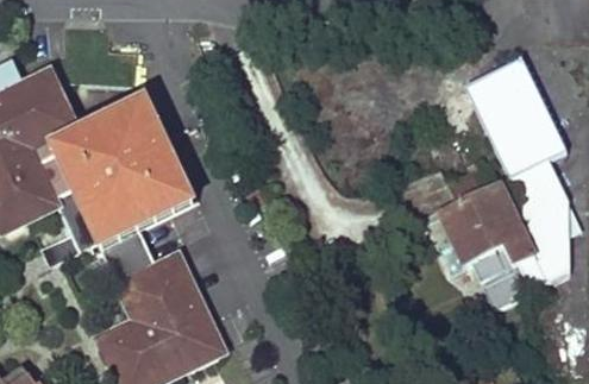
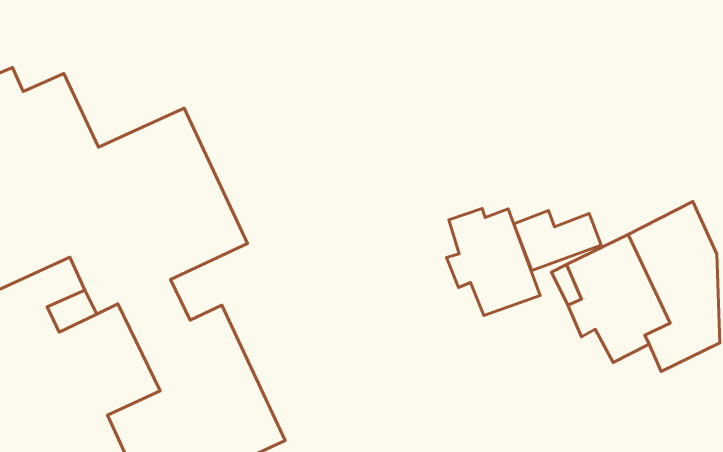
building: [468,64,569,184] -> none
building: none -> [446,209,540,315]

